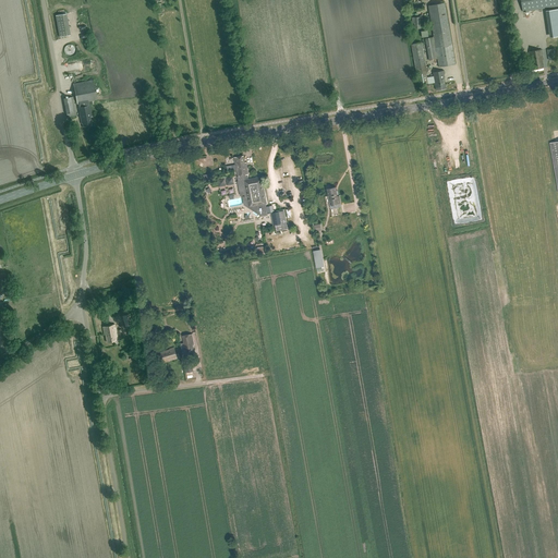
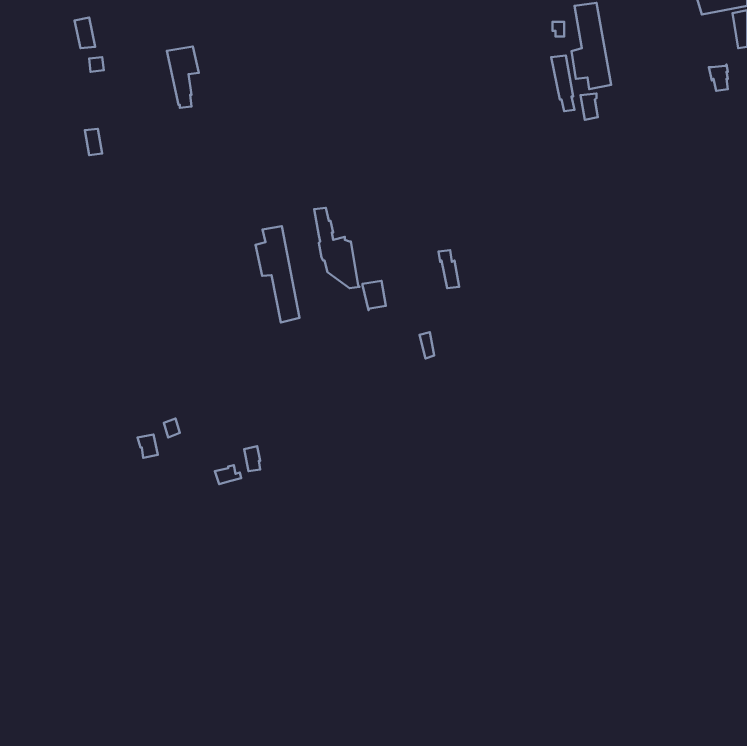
building: [73,80,97,125] -> [167,46,199,108]
building: none -> [256,226,299,322]

